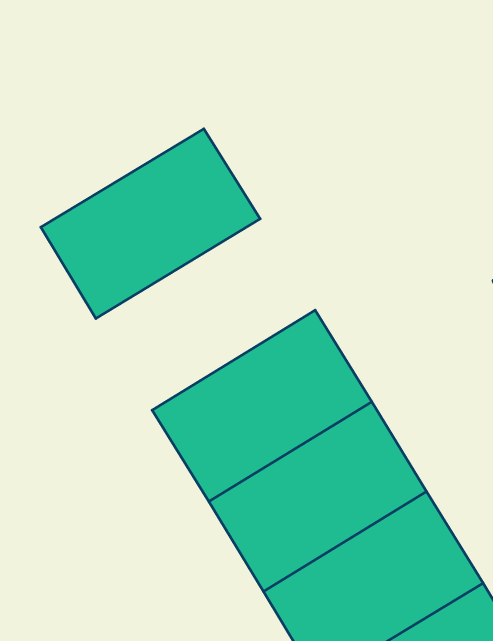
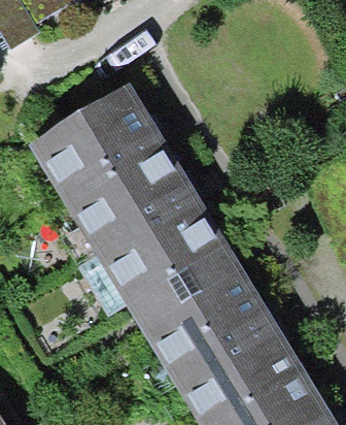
building: none -> [64,141,200,260]

